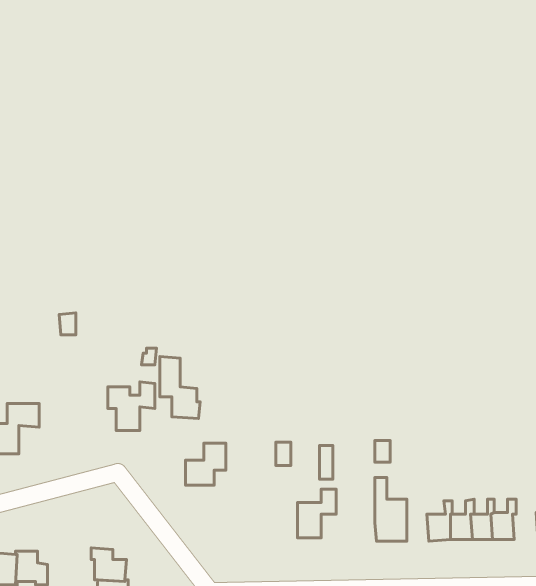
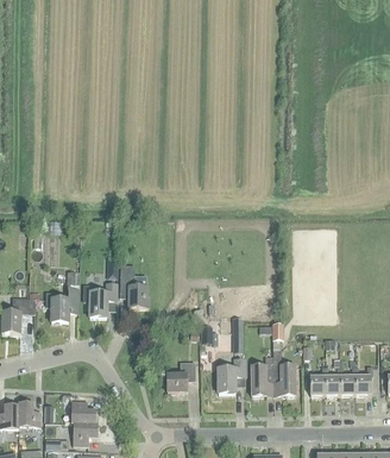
building: none -> [46,288,78,322]
building: [185,443,226,485] -> [166,362,195,391]
building: none -> [251,355,273,395]

